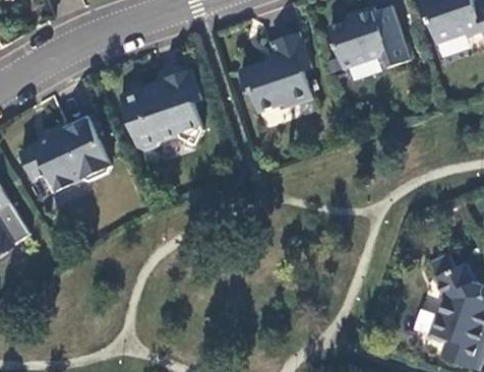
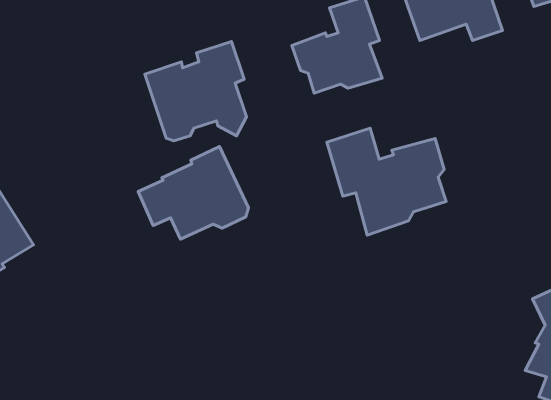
building: [20,116,110,191] -> [138,146,248,239]
building: none -> [327,128,446,235]

